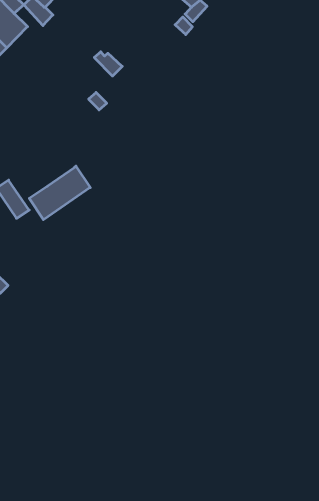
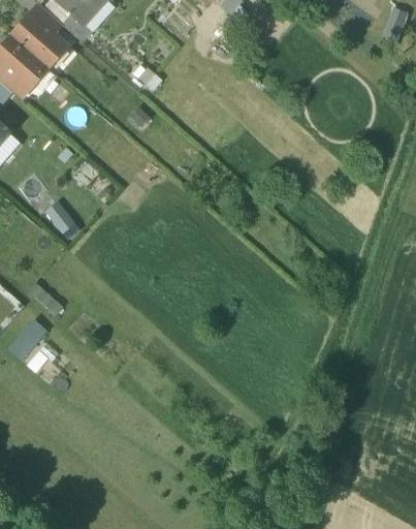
building: [29,166,90,220] -> none

